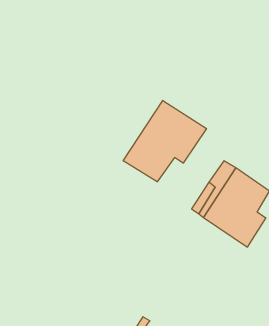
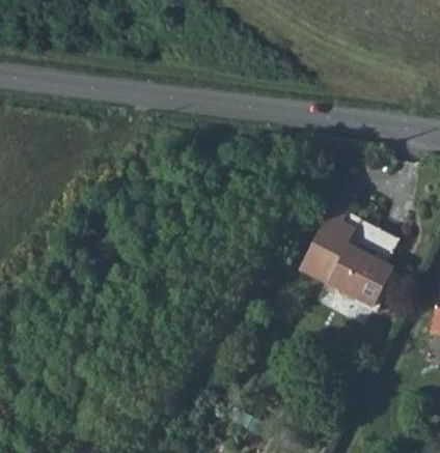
building: [123,100,206,182] -> none

